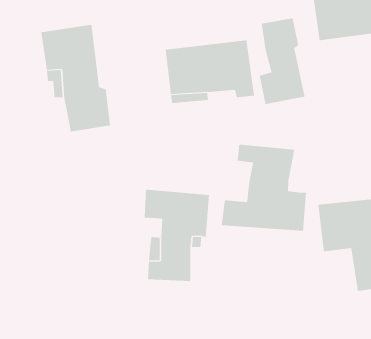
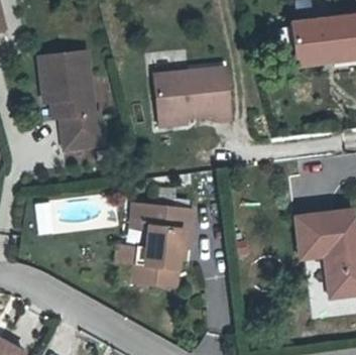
building: [259,18,305,105] -> none
building: [221,144,307,232] -> none

